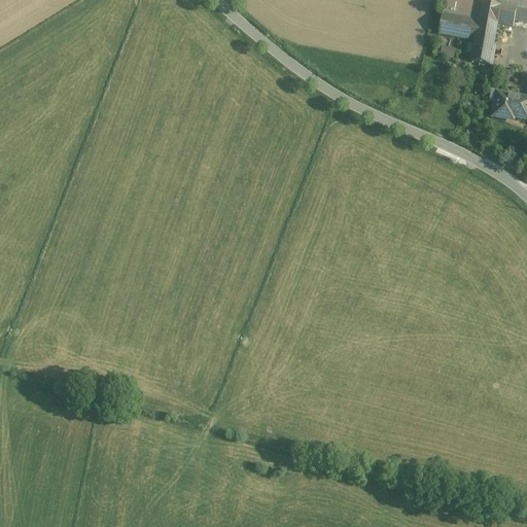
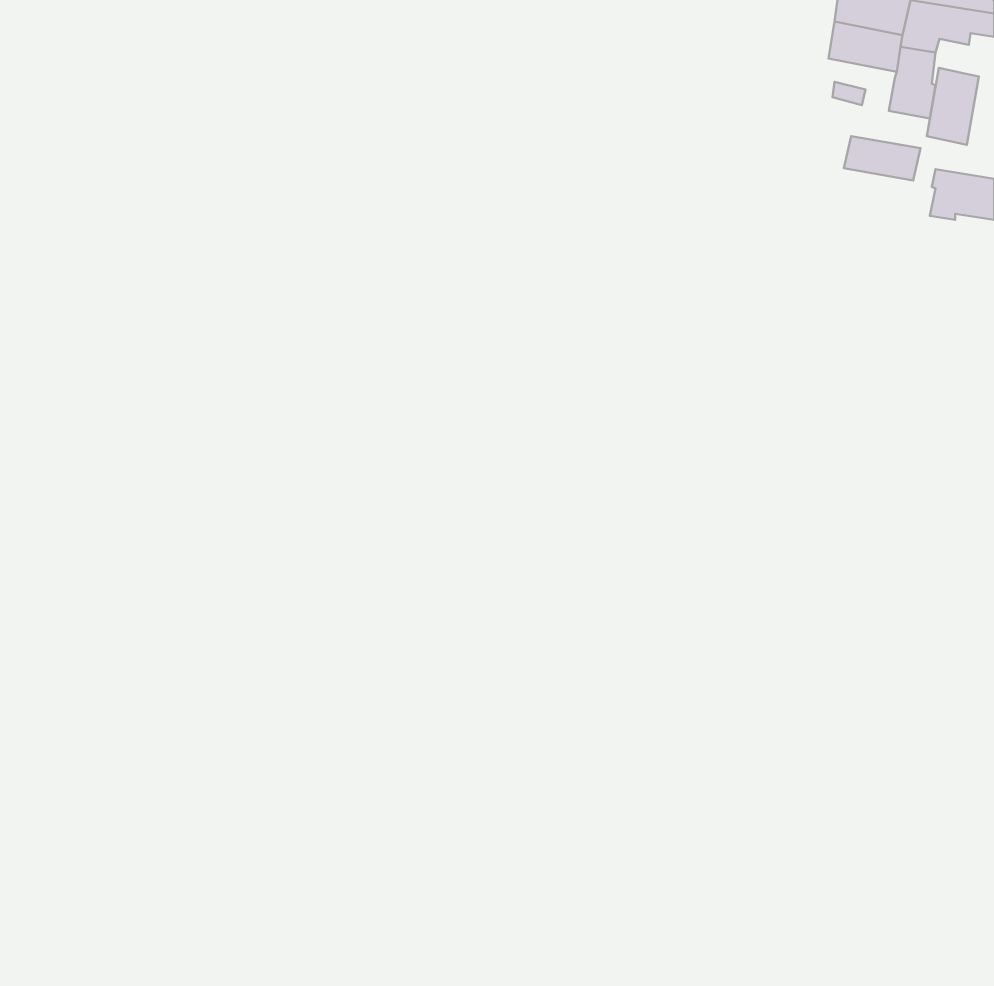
building: none -> [927,68,979,145]
building: none -> [844,136,920,180]

